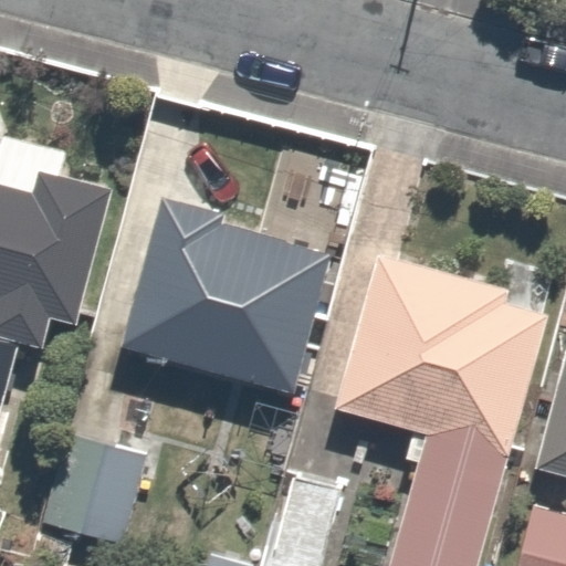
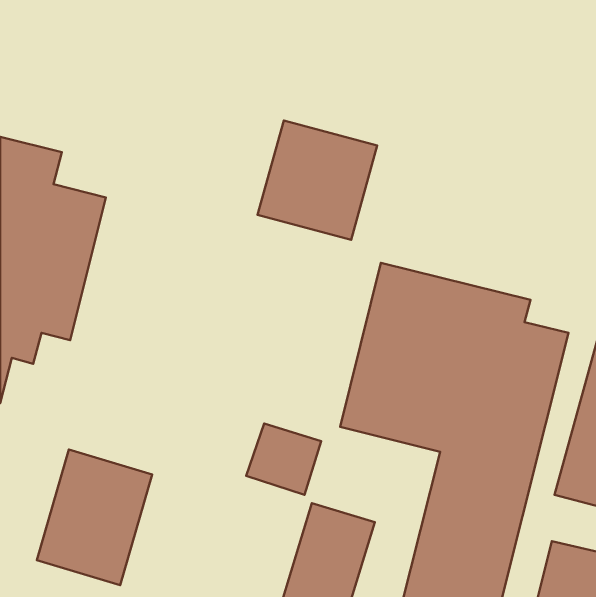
building: none -> [258,120,377,240]
building: [128,201,322,389] -> none

